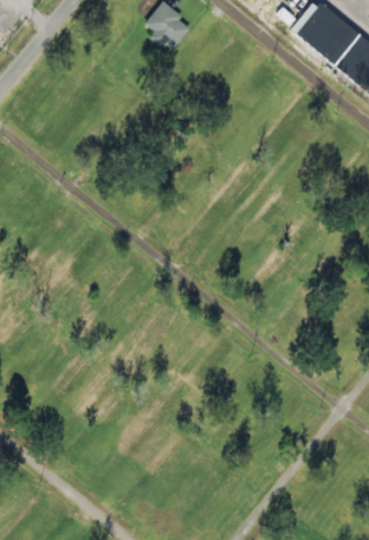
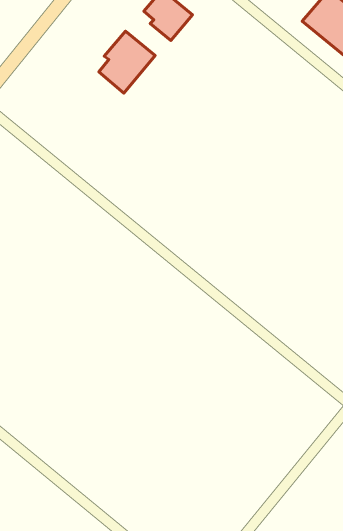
building: none -> [99,31,155,93]

